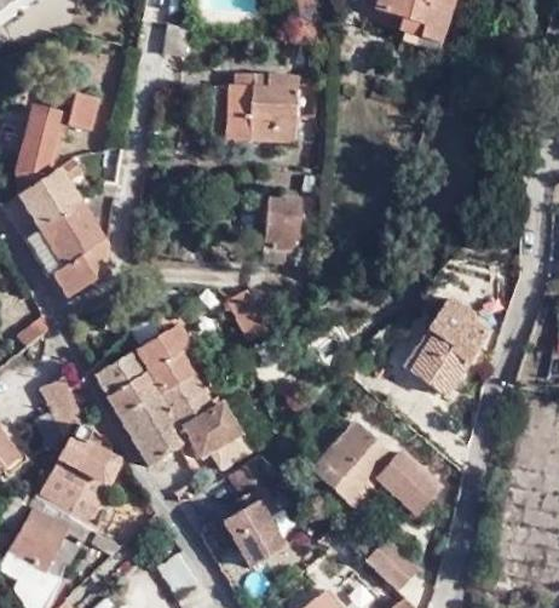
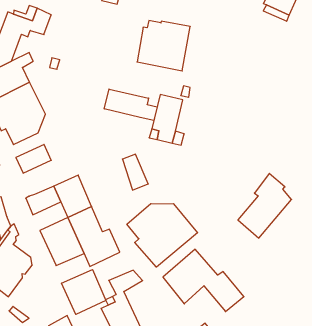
building: none -> [104,89,157,120]
building: none -> [127,204,198,267]
building: [106,372,159,418] -> [16,144,51,173]
building: none -> [62,270,106,314]

